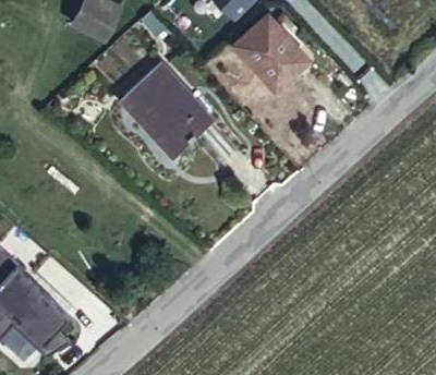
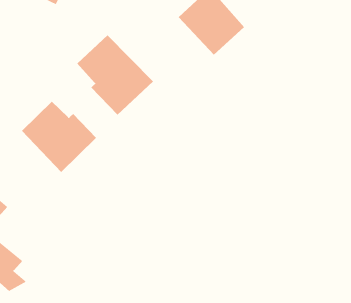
building: none -> [21,101,97,173]

